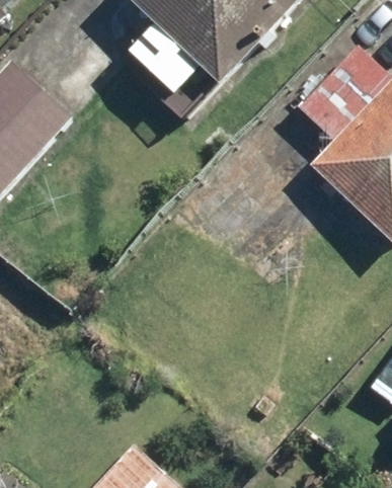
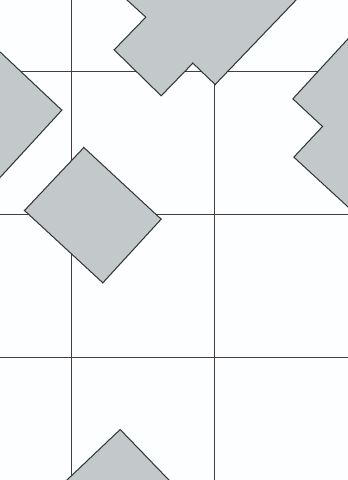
building: none -> [24,147,161,283]

